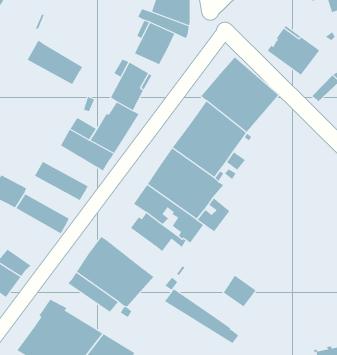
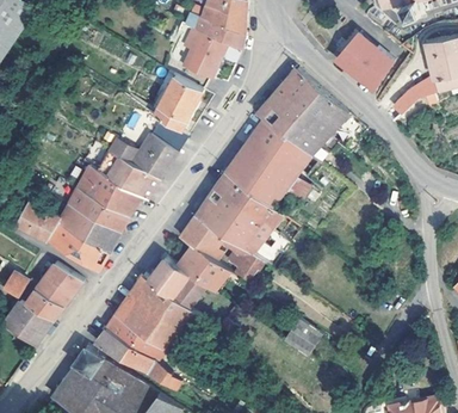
building: [27,40,83,85] -> [76,165,141,216]
building: none -> [56,204,119,253]
building: none -> [149,255,206,308]
building: none -> [36,264,82,307]
building: [164,289,239,344] -> [94,327,180,390]

